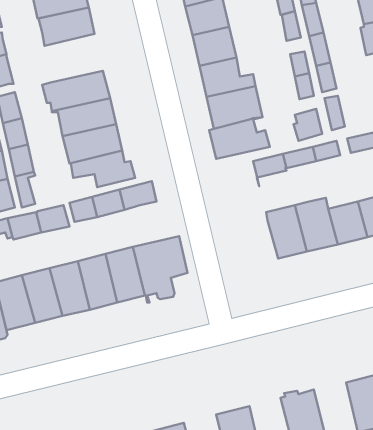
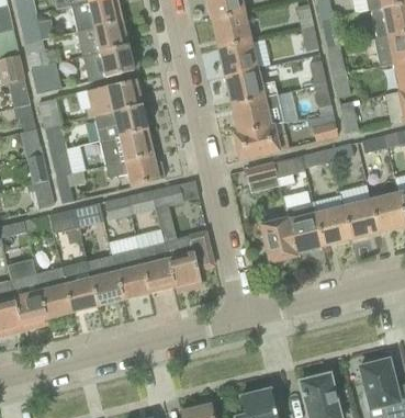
building: none -> [81,44,138,80]
building: none -> [245,161,279,191]
building: none -> [259,216,296,267]

